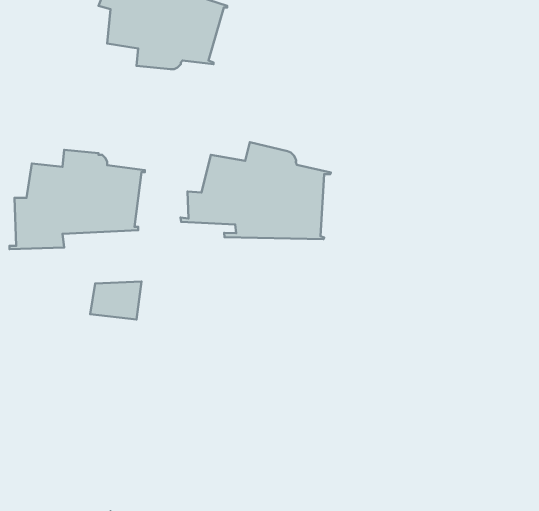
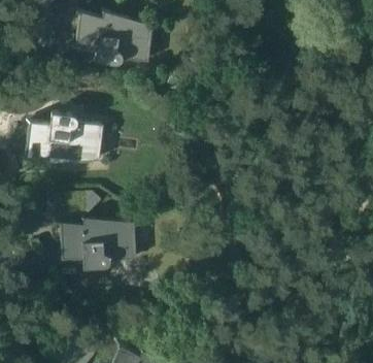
building: [181,142,331,239] -> none
building: none -> [56,218,136,269]

